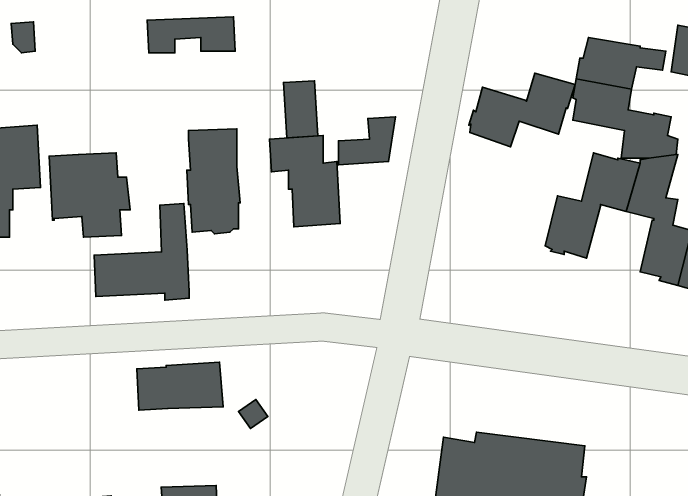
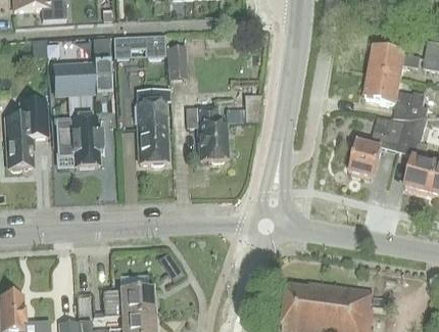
building: [469,73,575,147] -> none
building: [283,81,318,138] -> [167,45,188,79]
building: [94,204,189,300] -> [54,37,110,94]
building: [137,362,223,410] -> [103,286,154,315]

